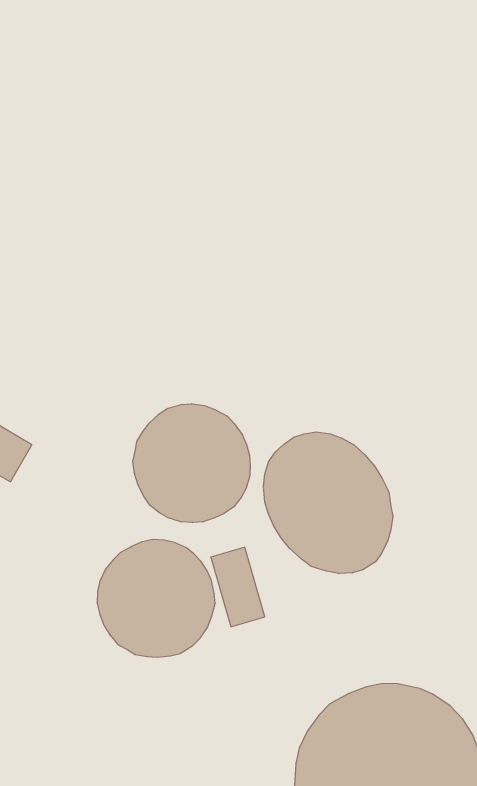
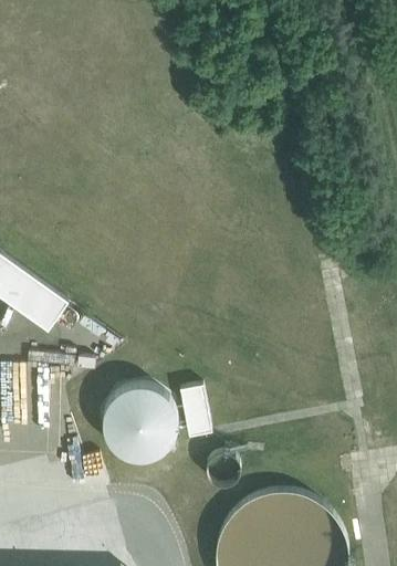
building: [133,404,250,523] -> none
building: [264,432,393,574] -> none

